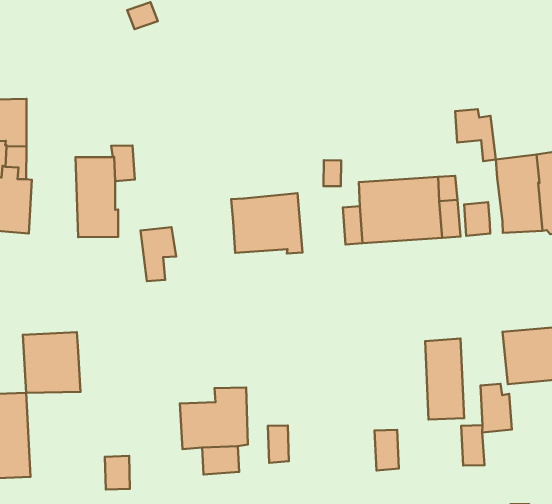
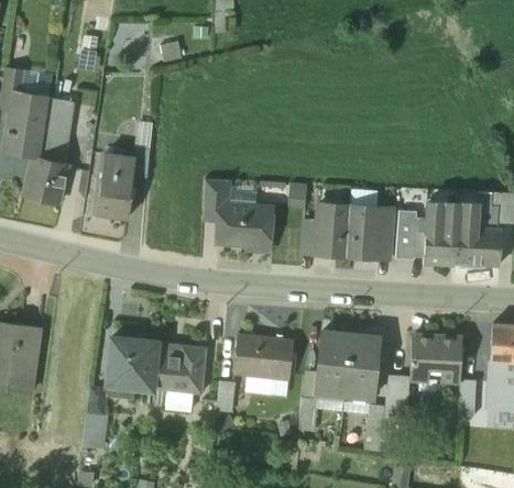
building: [455,109,496,161] -> [397,210,426,252]
building: [140,227,176,281] -> [204,179,229,220]
building: [23,332,80,393] -> [110,337,156,388]
building: none -> [316,331,351,395]
building: none -> [233,334,294,379]

